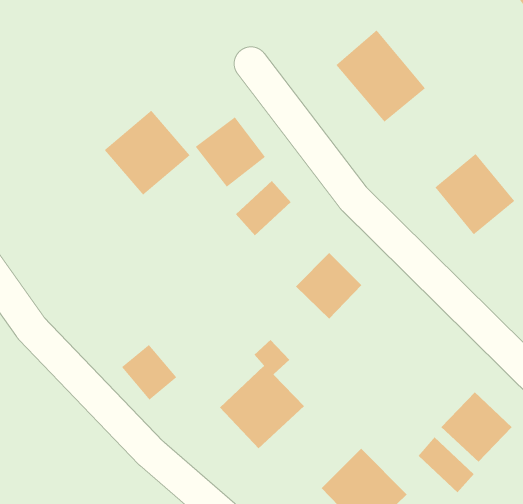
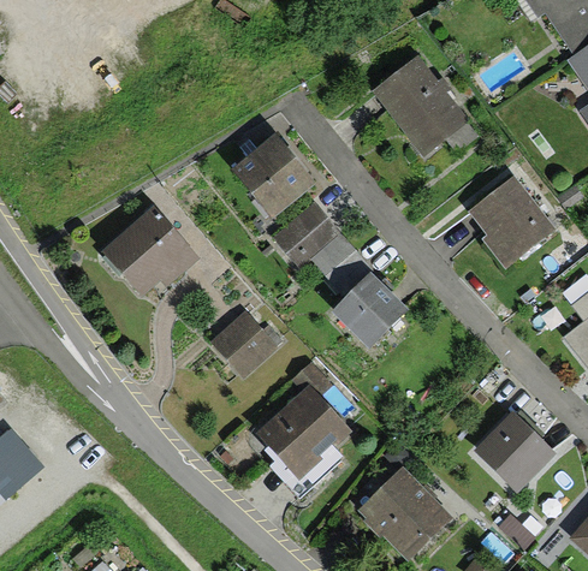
building: [104,110,191,196] -> [103,212,189,296]
building: none -> [314,233,366,285]
building: [121,344,177,400] -> [214,315,269,370]
building: [418,437,474,493] -> none

